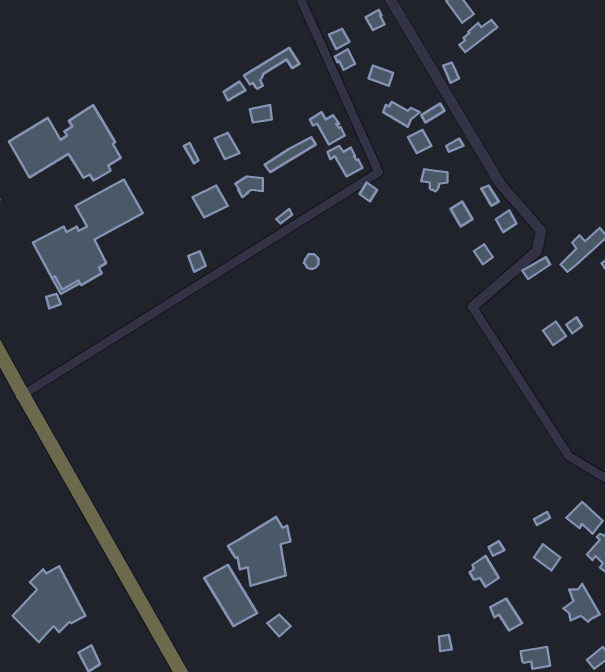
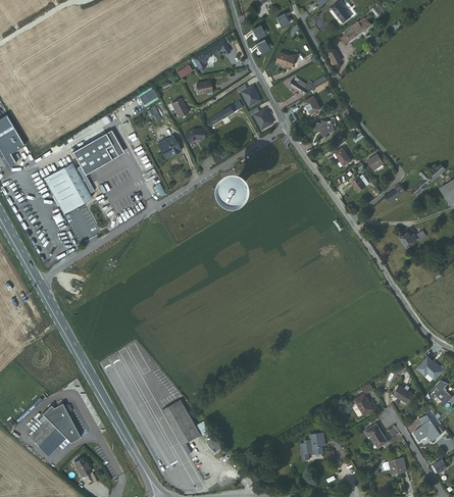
building: [9,105,121,180] -> none
building: [228,517,290,586] -> none
building: none -> [302,431,326,457]

